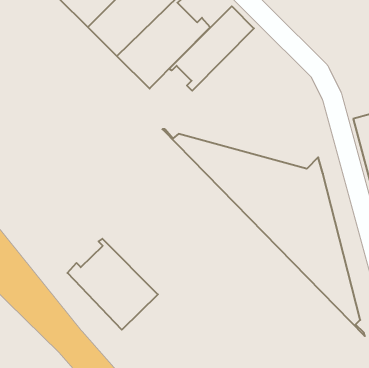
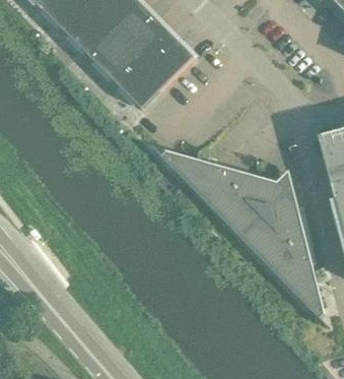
building: [169,6,254,91] -> none
building: [67,239,158,330] -> none

